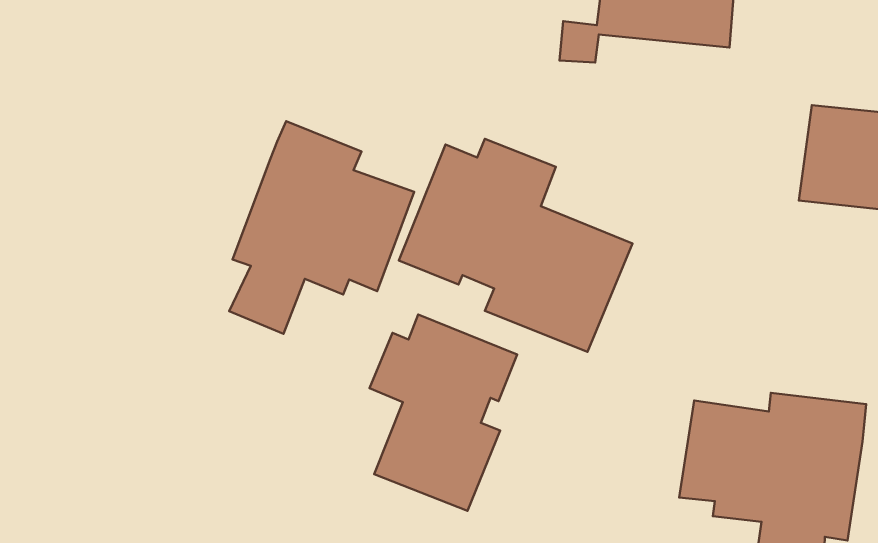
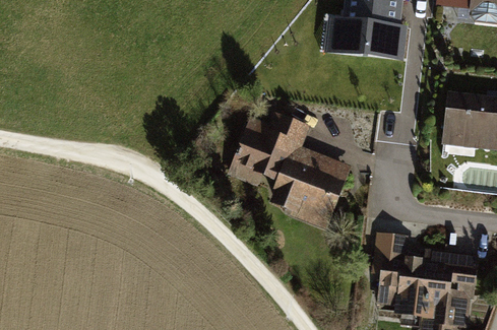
building: [229,121,414,334] -> none
building: [370,314,517,511] -> none

